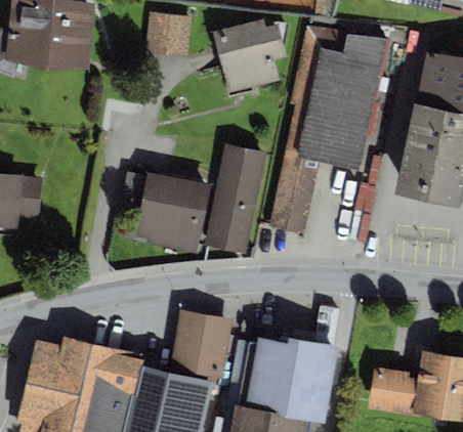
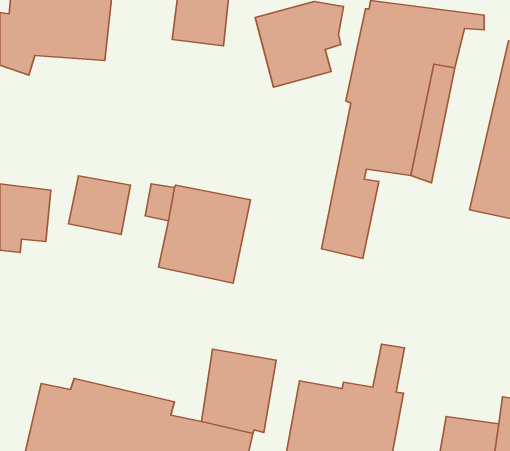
building: [204,144,267,254] -> none
building: none -> [69,176,130,234]

